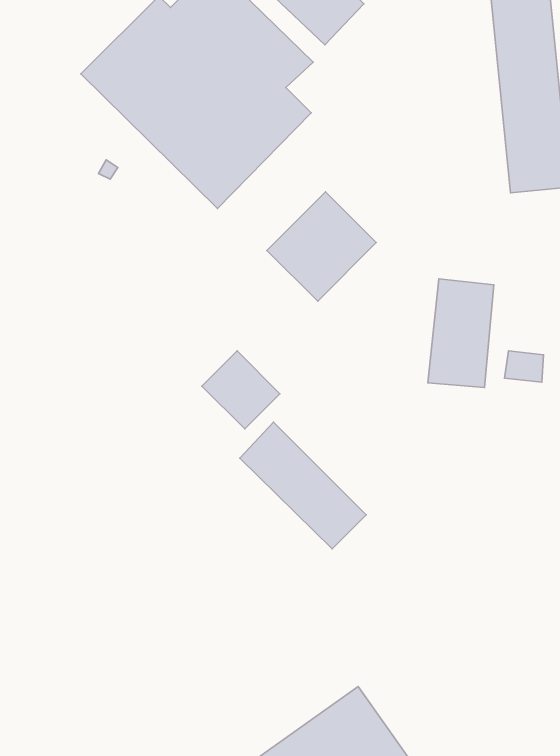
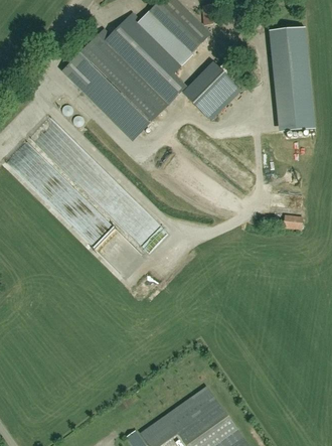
building: [267,192,376,301] -> [181,61,237,118]
building: [428,279,494,388] -> none
building: [240,422,366,549] -> none

